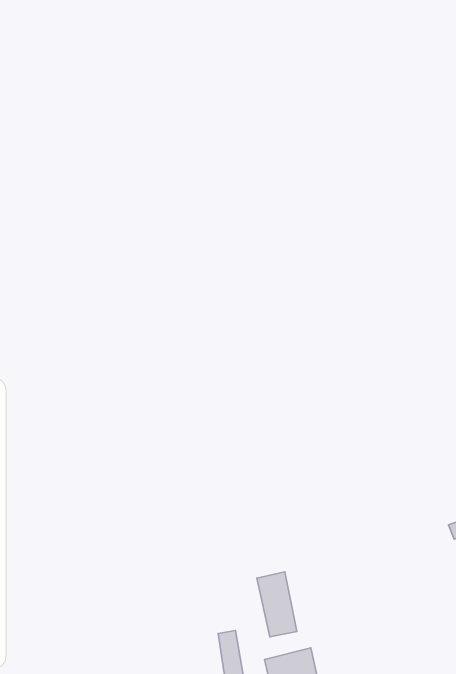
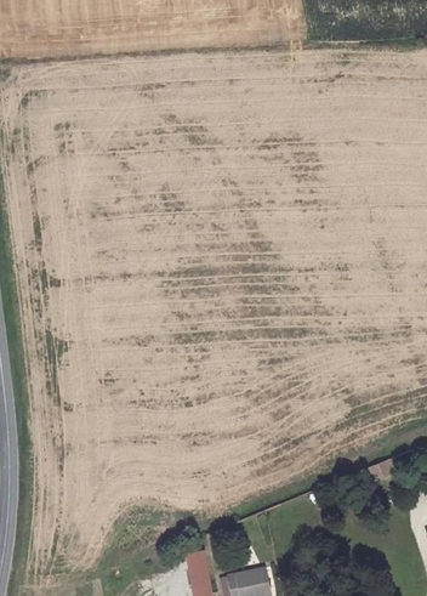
building: [257,572,297,637] -> none

